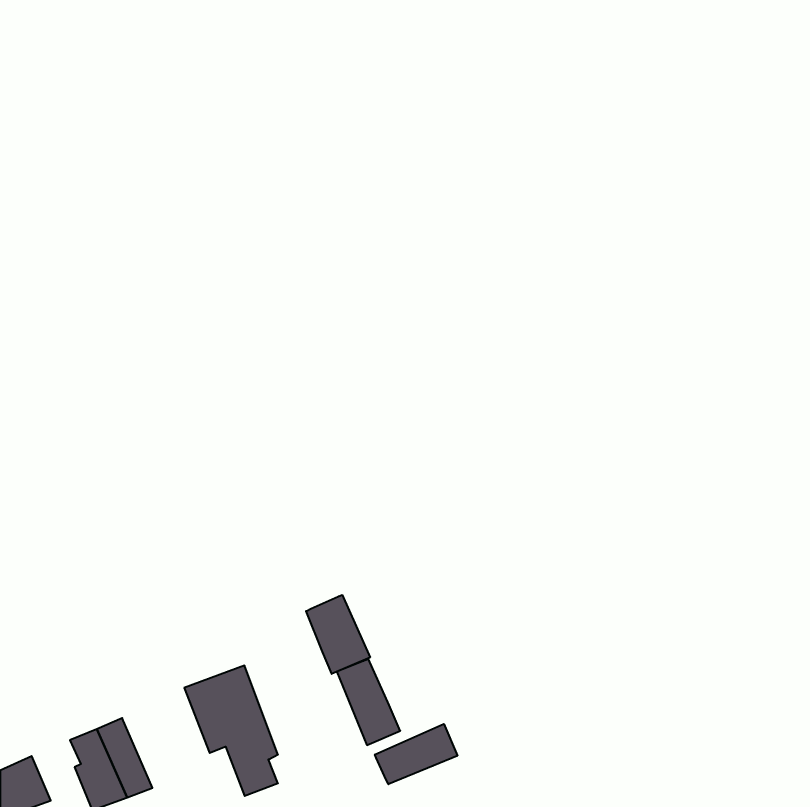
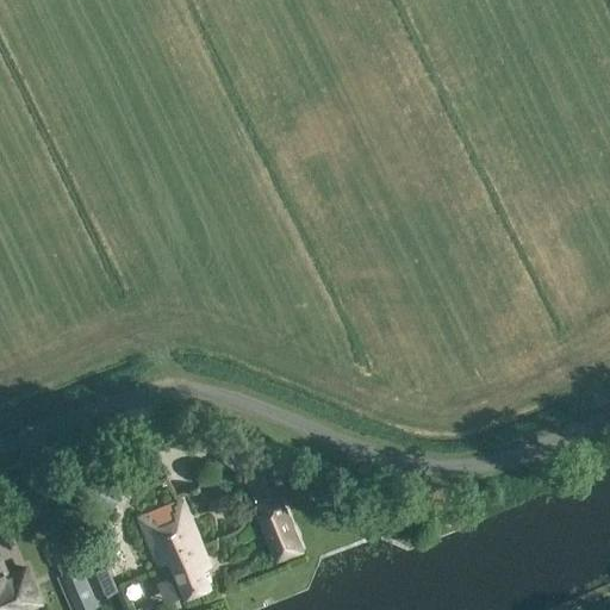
building: [306,595,370,674] -> none
building: [375,724,457,784] -> none

